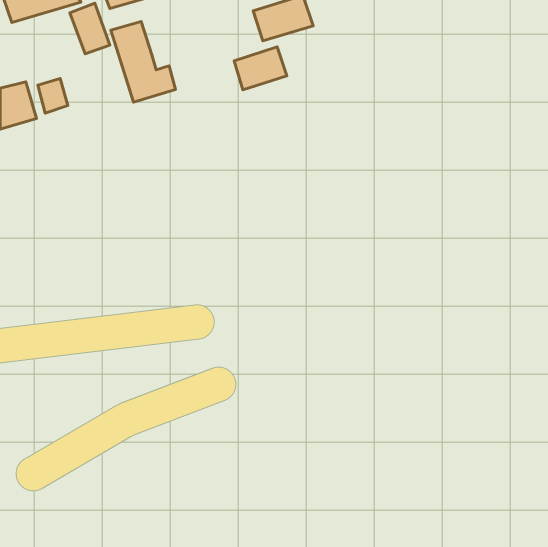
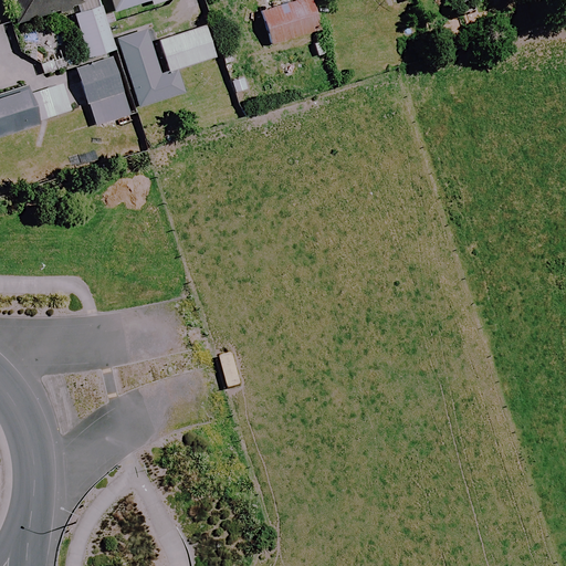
building: [234,47,287,90] -> [160,25,214,70]
building: none -> [76,54,130,125]

